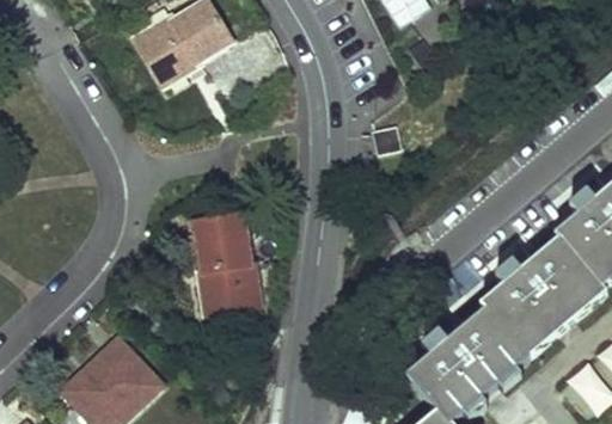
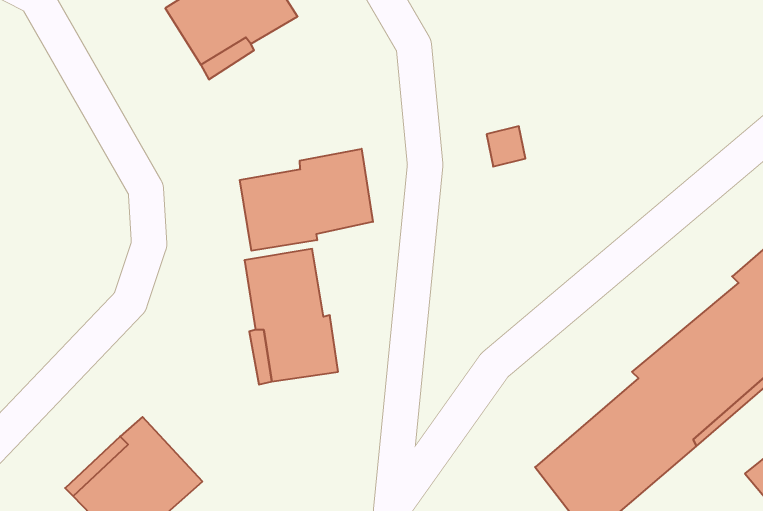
building: none -> [240,149,373,251]

